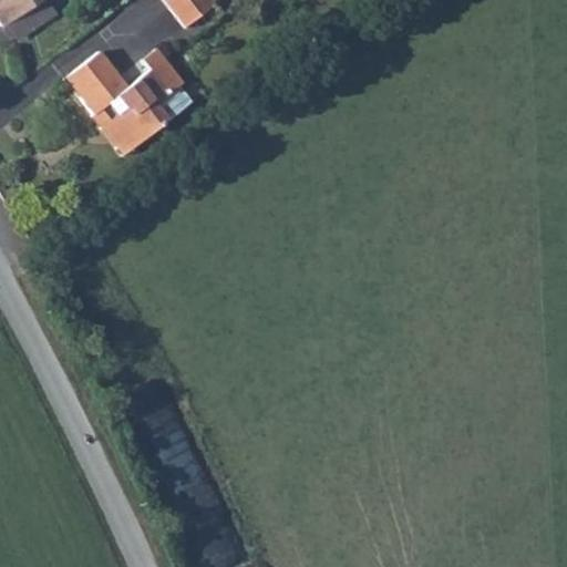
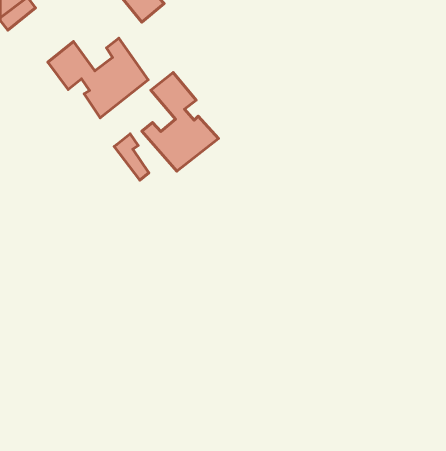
building: none -> [142,73,218,171]
building: [91,99,134,156] -> [114,134,149,180]

